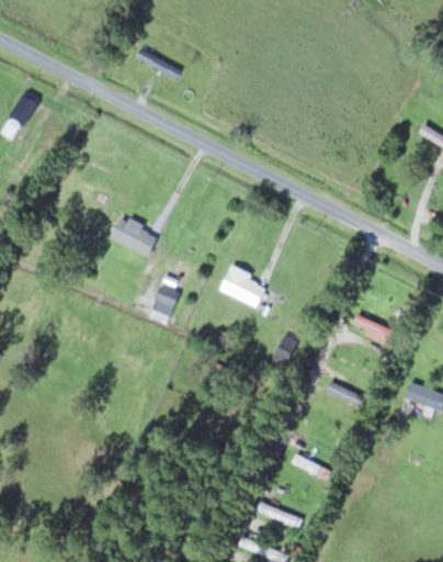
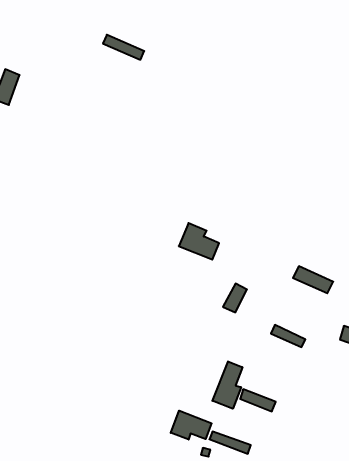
building: [110,216,157,256] -> none
building: [151,285,179,316] -> none
building: none -> [212,361,242,409]
building: none -> [171,411,212,440]

